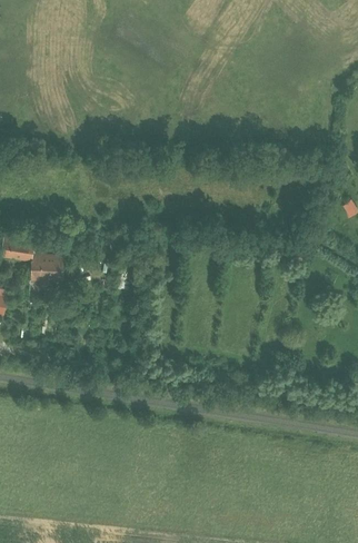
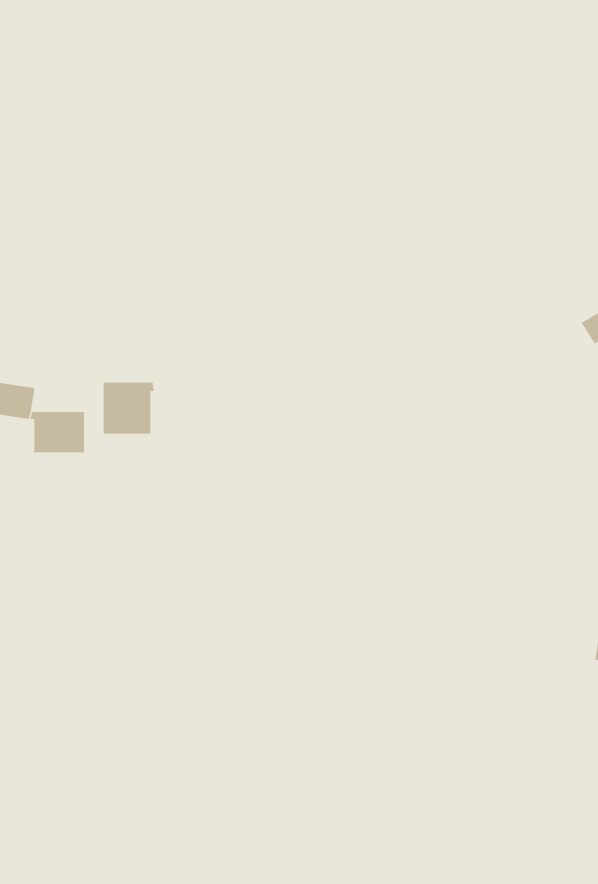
building: none -> [103,382,155,435]

